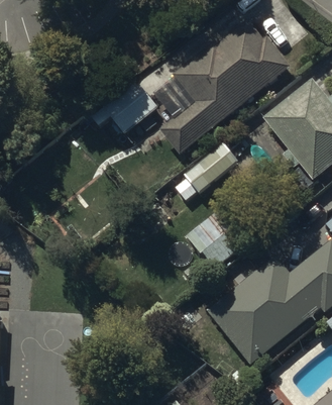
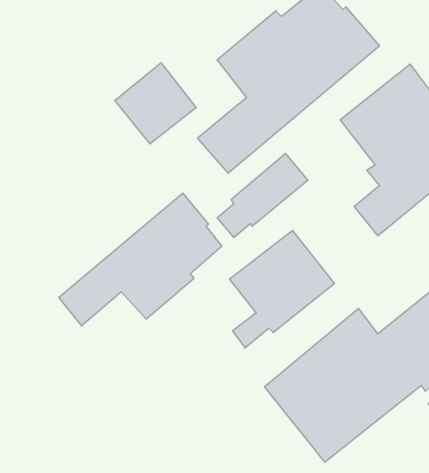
building: none -> [59,193,222,326]

